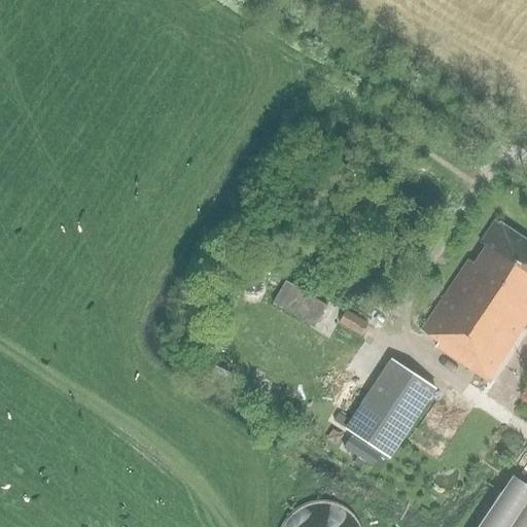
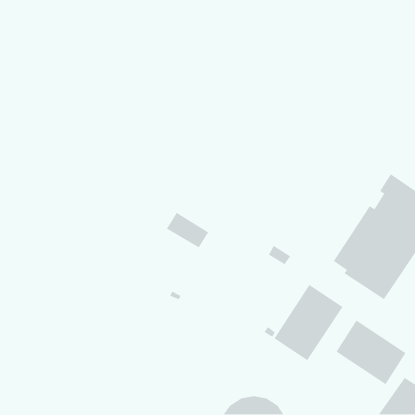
building: [273,280,327,326] -> [166,212,209,248]
building: none -> [335,320,407,385]

